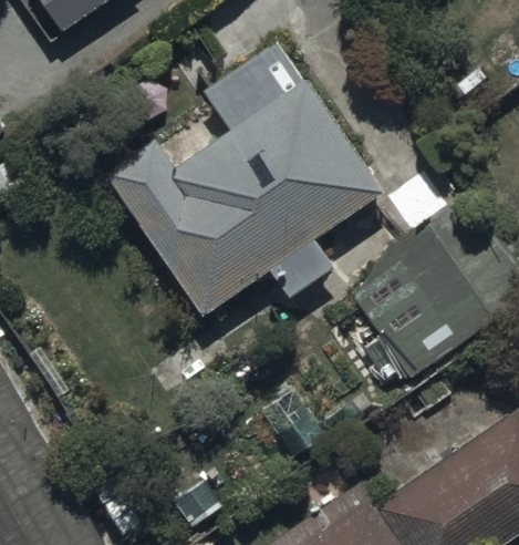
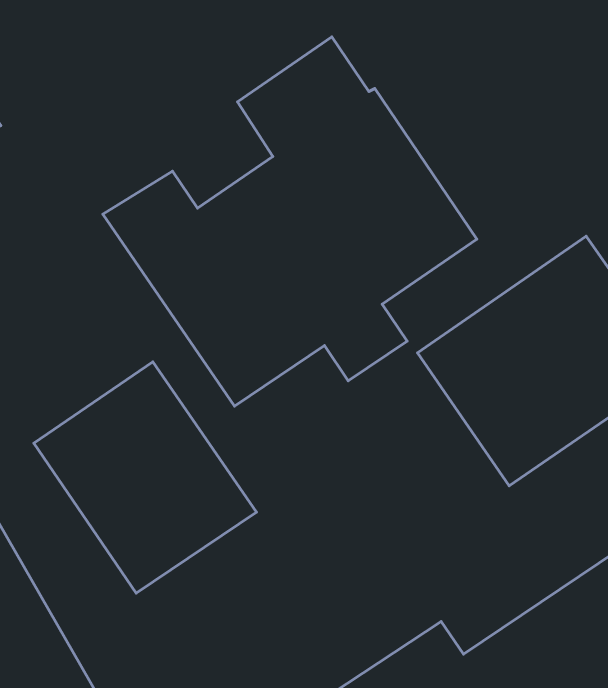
building: none -> [34,362,256,593]

